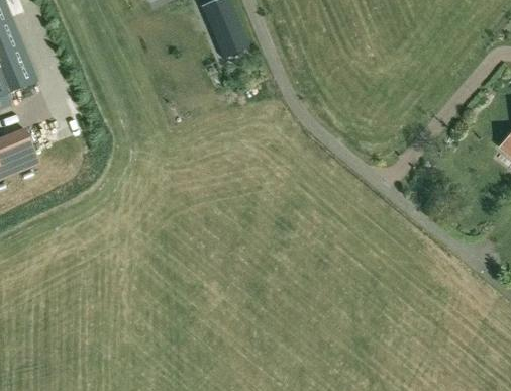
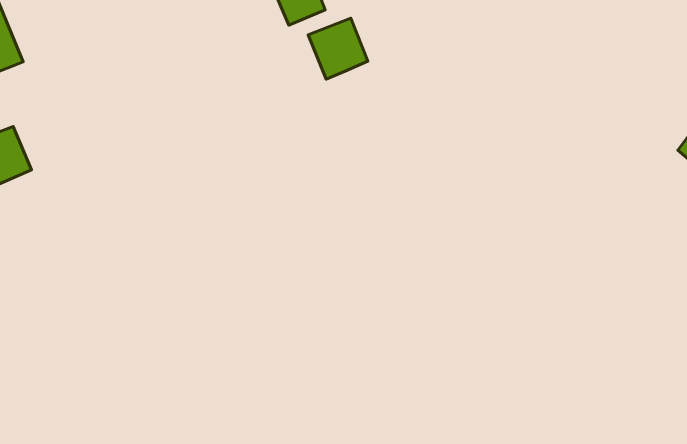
building: none -> [308,18,368,79]

